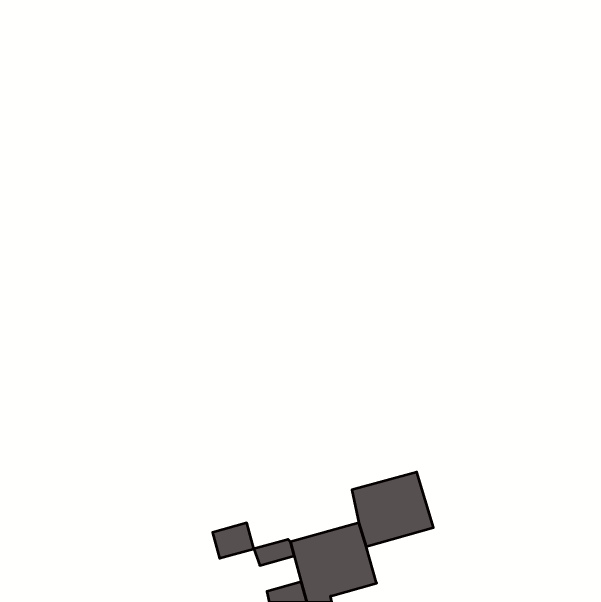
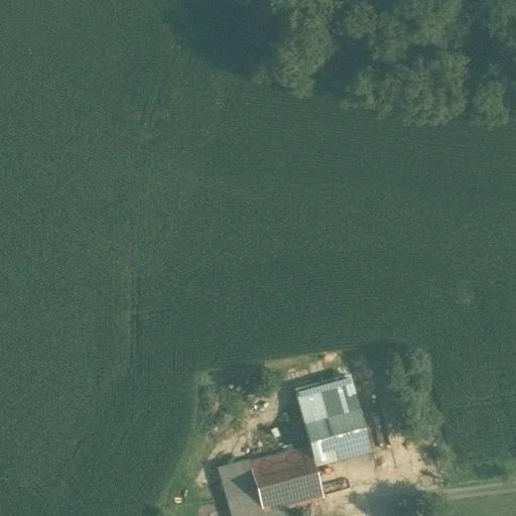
building: none -> [294,375,358,418]
building: [213,523,254,558] -> [224,475,259,505]

